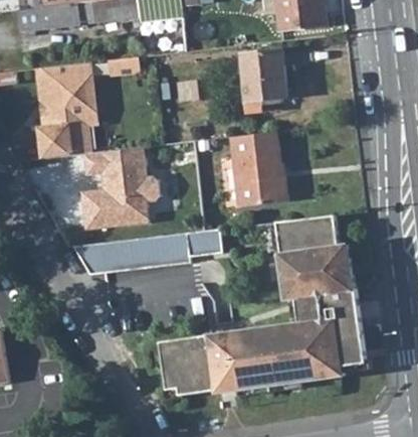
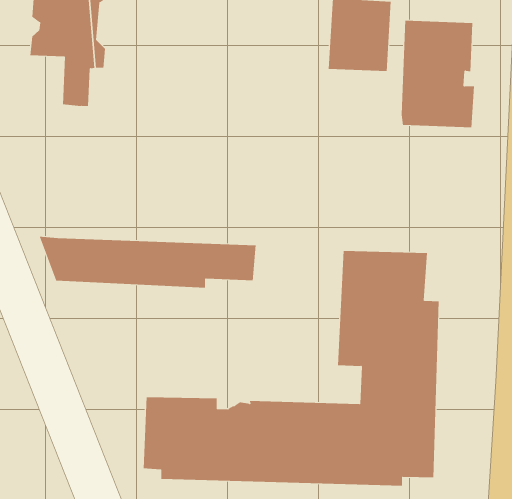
building: [40,124,71,159] -> none
building: [234,131,291,207] -> [401,20,475,128]
building: [81,148,160,230] -> none

